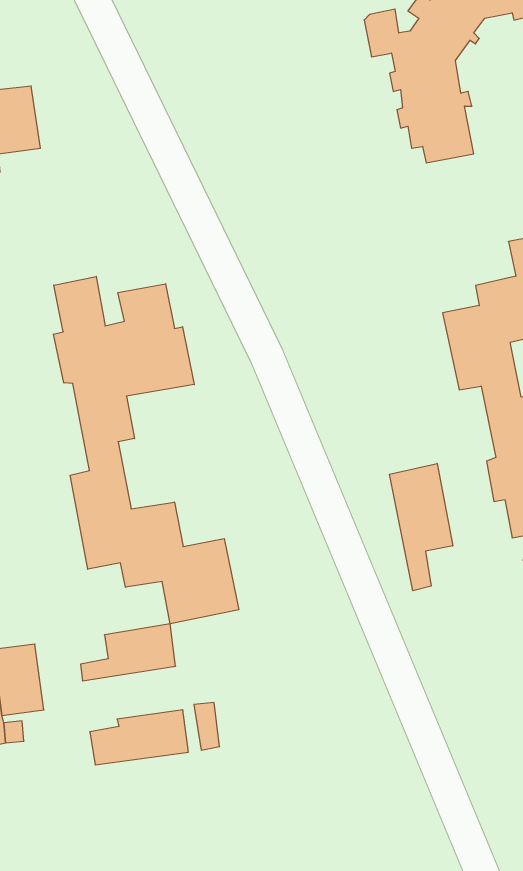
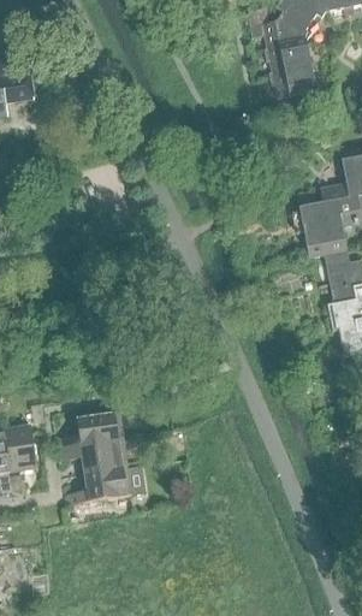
building: [54,276,239,624] -> none
building: [390,463,453,591] -> none
building: none -> [61,438,127,473]

